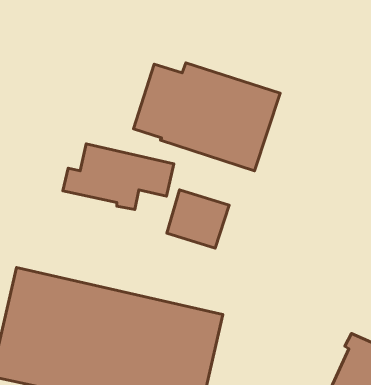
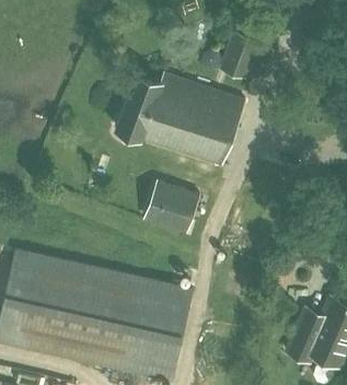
building: none -> [219,32,262,80]
building: [63,144,174,210] -> none

